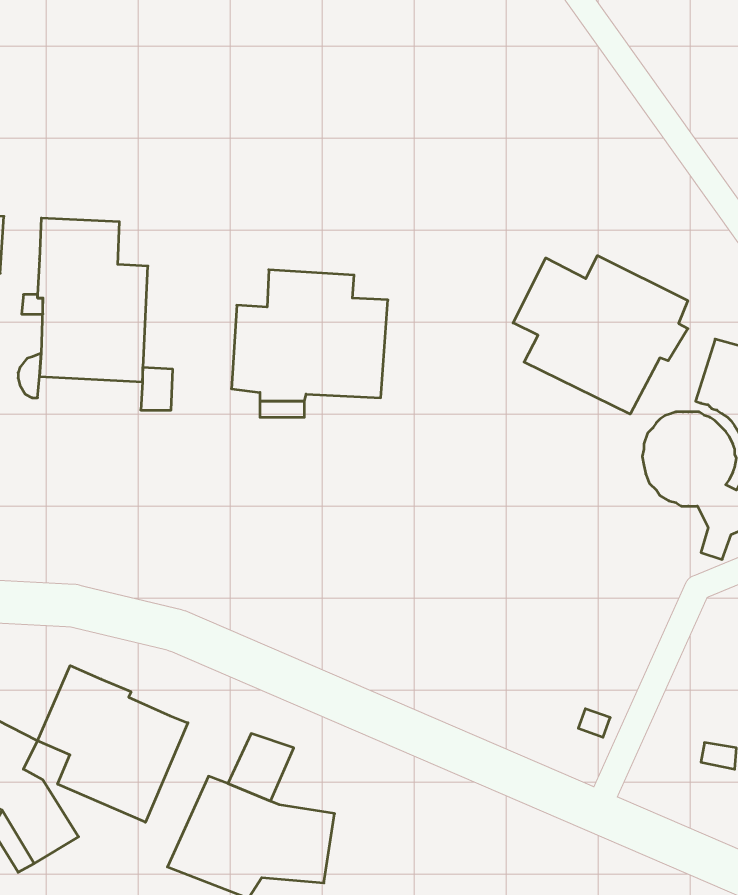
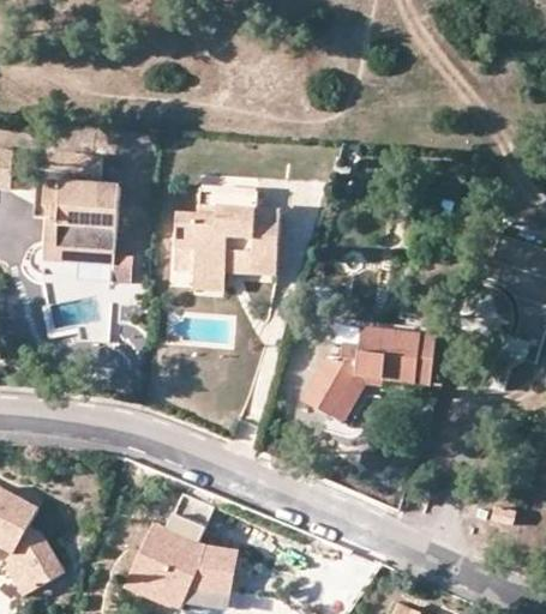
building: [513,256,688,414] -> none
building: none -> [302,325,418,426]
building: [38,666,188,822] -> none

